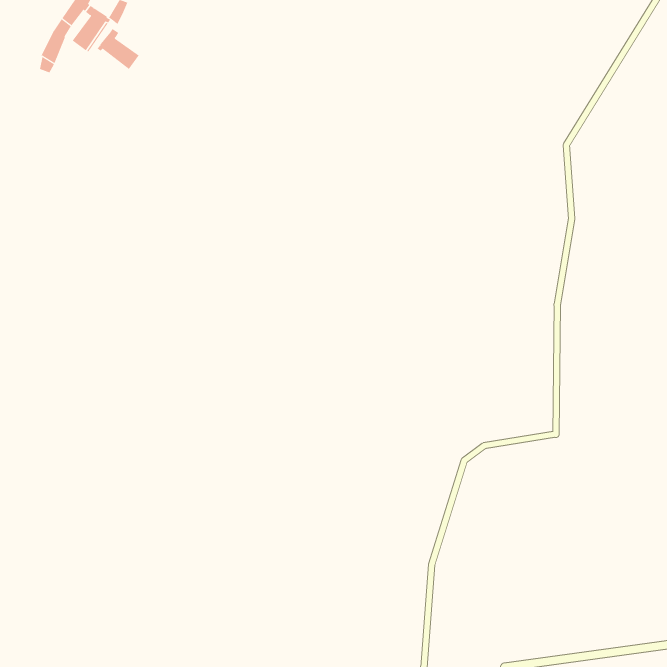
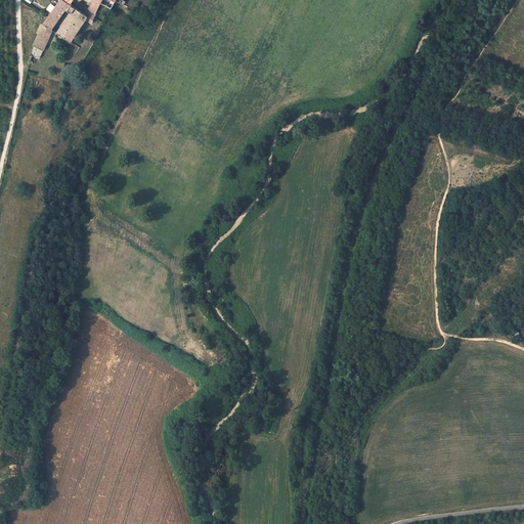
building: [97,28,139,70] -> none

